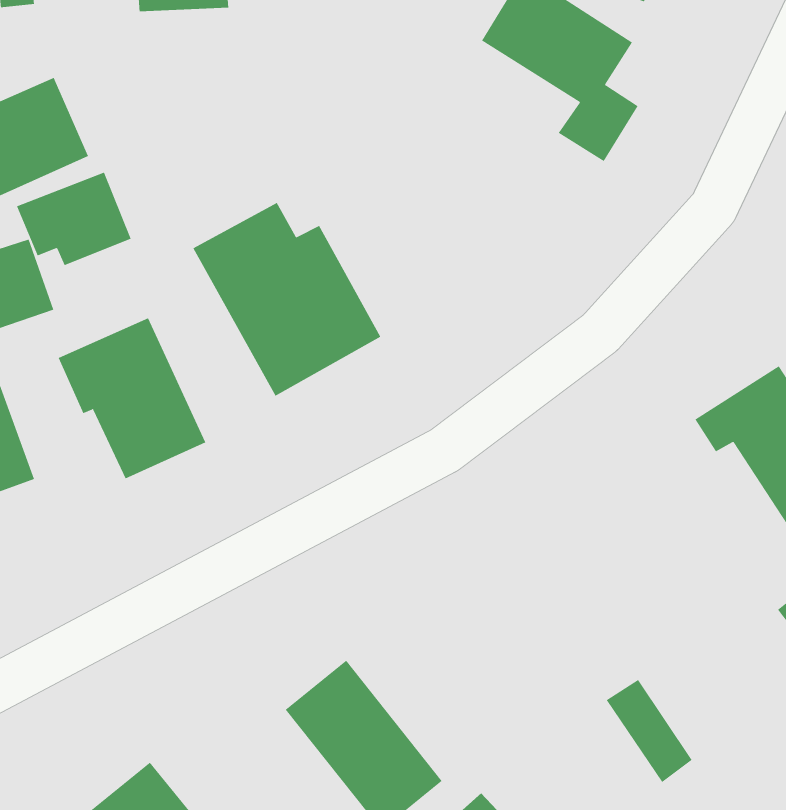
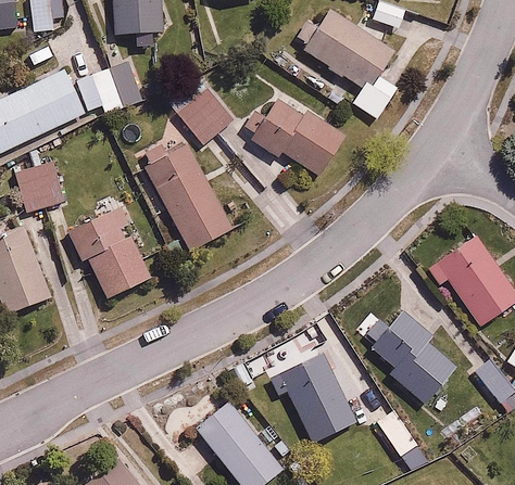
building: none -> [177,74,236,145]
building: none -> [249,98,347,175]
building: [16,172,131,266] -> [78,62,143,115]
building: none -> [366,311,457,404]
building: none -> [269,352,356,443]

